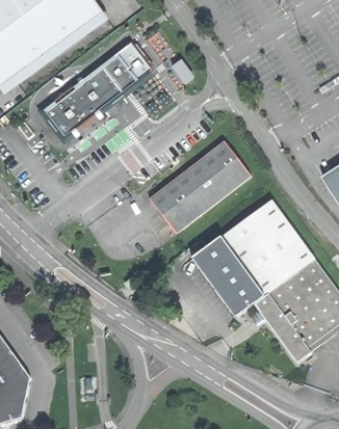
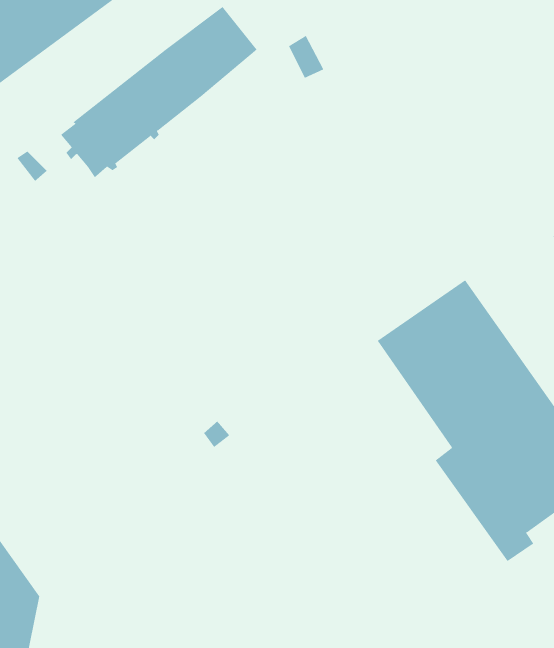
building: [150,139,252,232] -> none
building: [191,234,264,316] -> none

